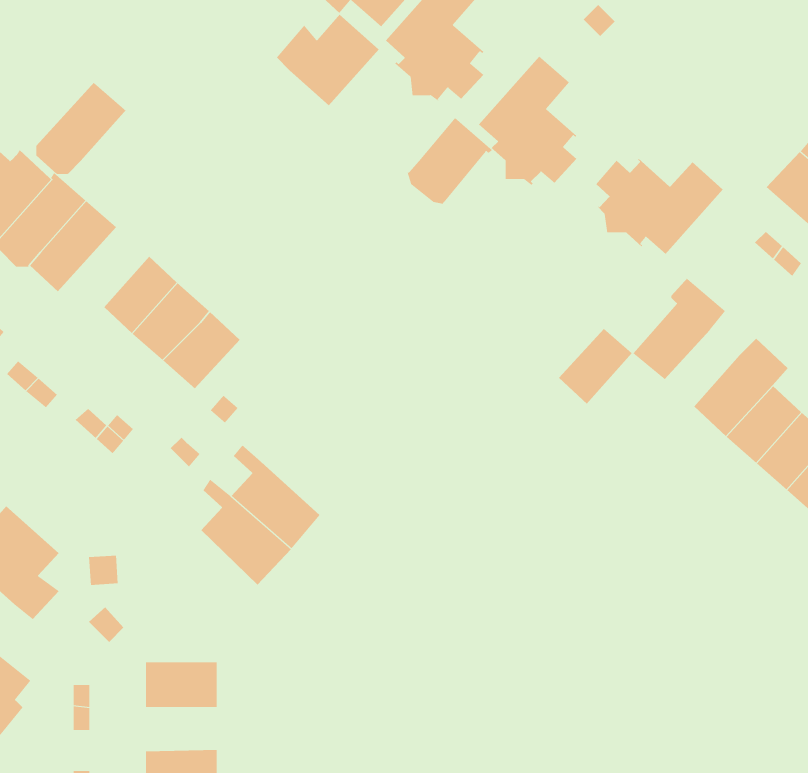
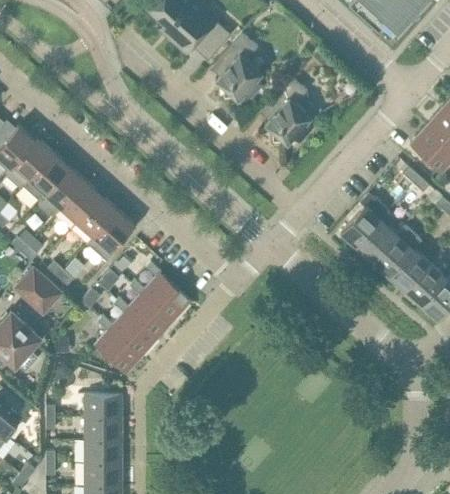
building: [276,14,379,106] -> none
building: [36,81,127,174] -> [38,167,86,216]
building: [407,117,493,205] -> none
building: [596,158,724,255] -> none
building: [558,328,632,404] -> [357,221,396,261]
building: none -> [145,263,191,318]
building: none -> [17,271,60,312]
building: none -> [95,317,143,375]
building: none -> [84,419,122,442]

